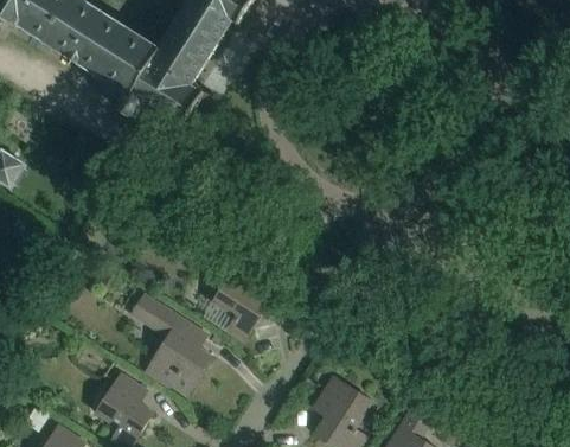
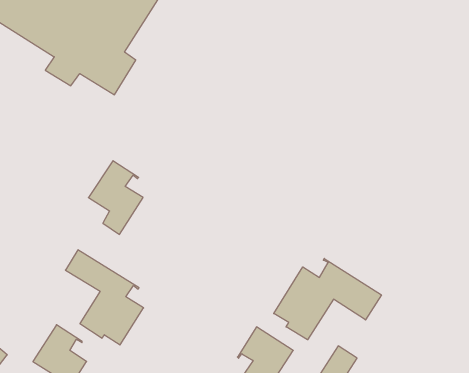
building: [211,262,269,340] -> [88,161,143,234]
building: none -> [274,258,381,340]

